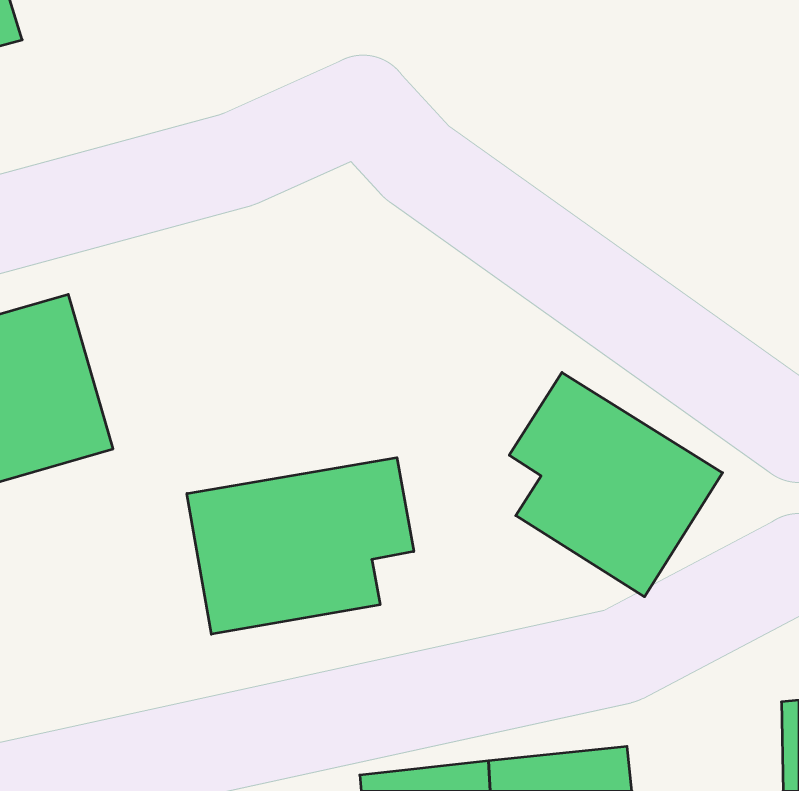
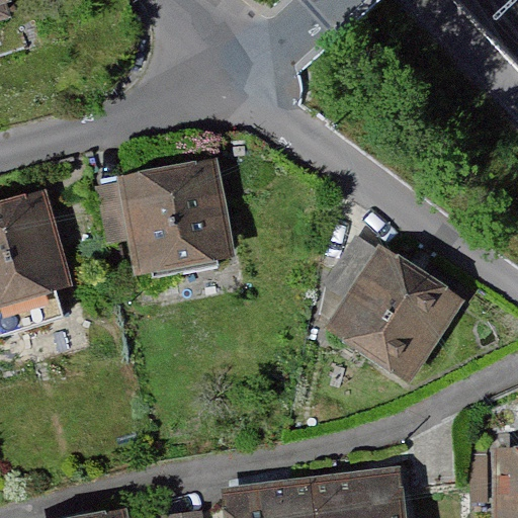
building: none -> [95,161,237,277]
building: [187,458,414,634] -> none

